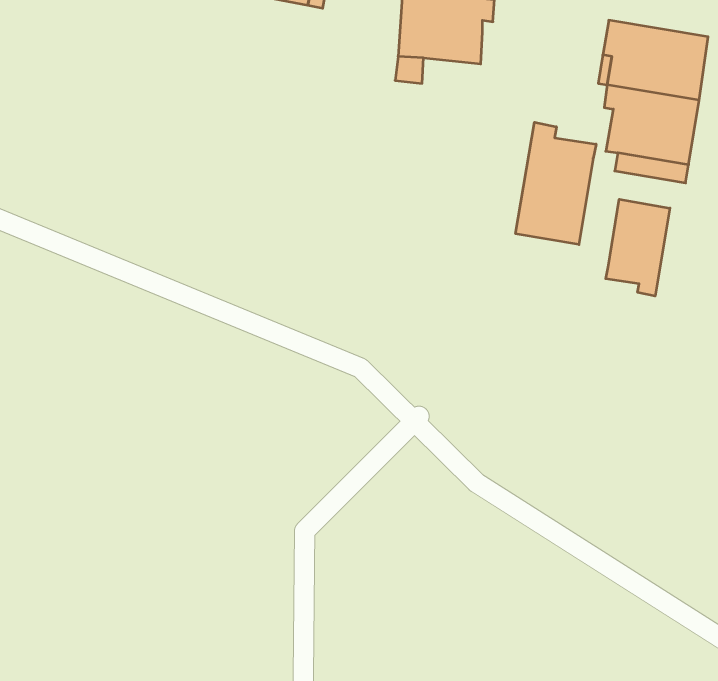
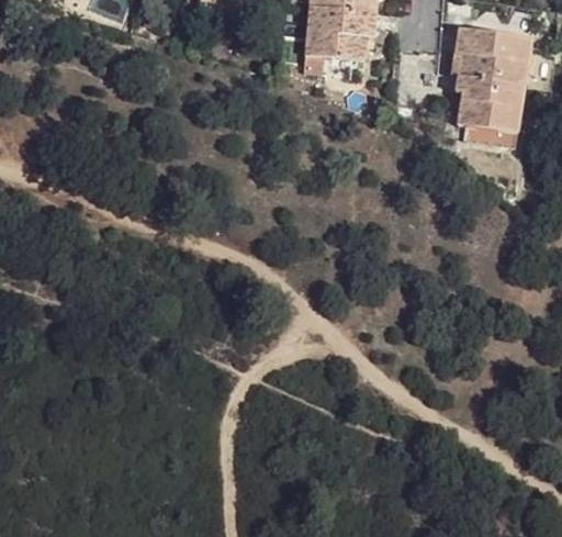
building: [516,122,596,245] -> none
building: [606,199,670,296] -> none

